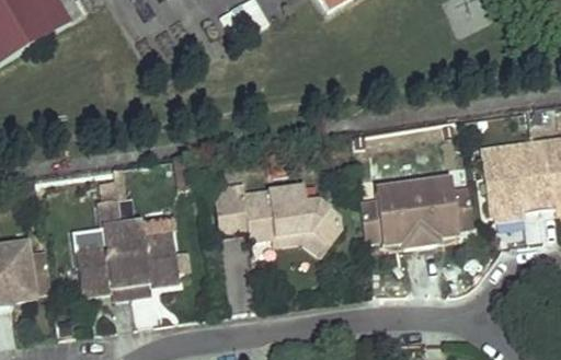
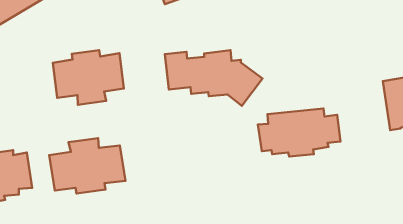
building: none -> [53,50,124,105]
building: [479,142,539,214] -> none
building: [216,179,350,255] -> [165,50,263,106]

